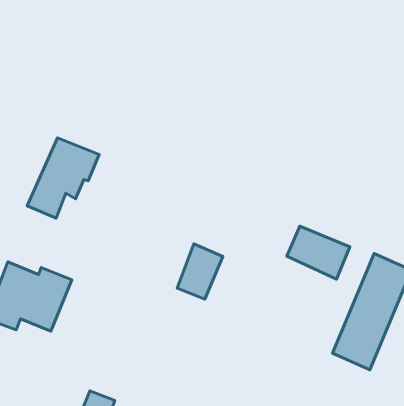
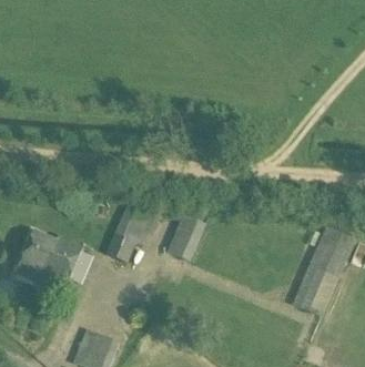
building: [27,138,99,218] -> [104,197,162,262]
building: [287,226,350,279] -> none

